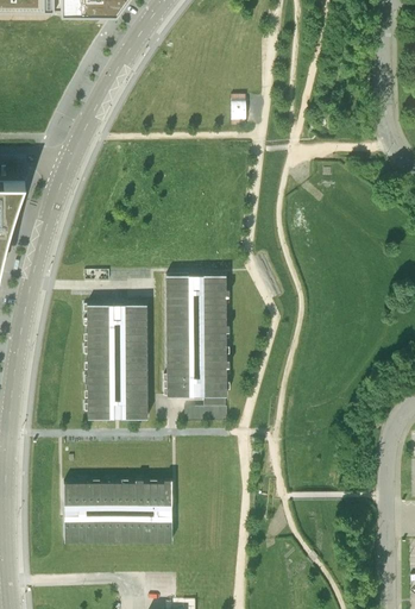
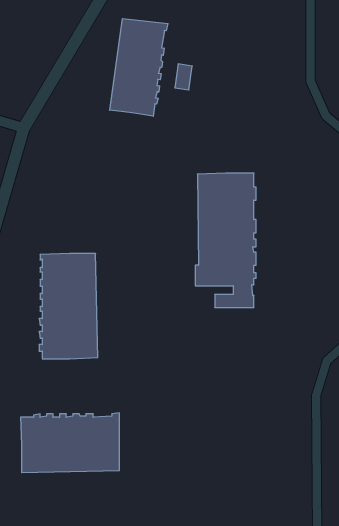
building: none -> [110,19,168,116]
building: [162,274,228,421] -> [195,173,256,307]

